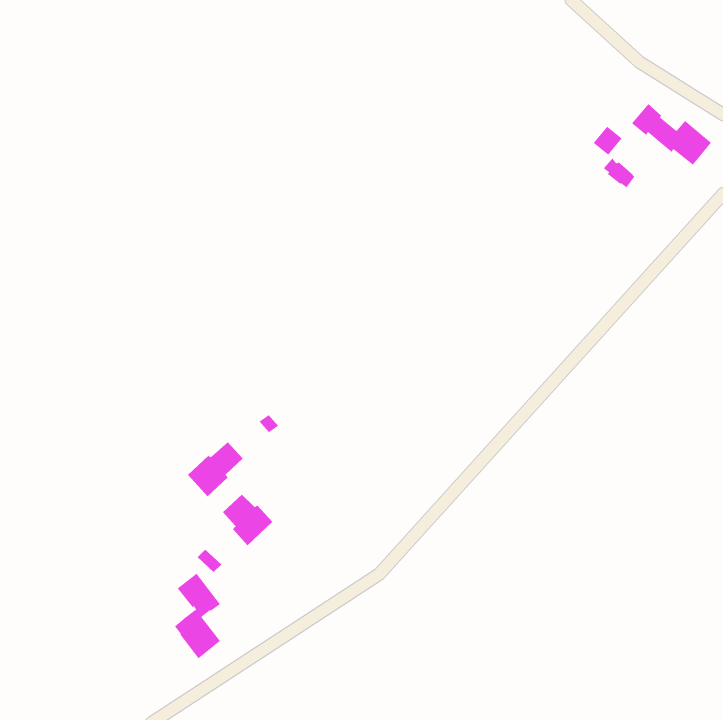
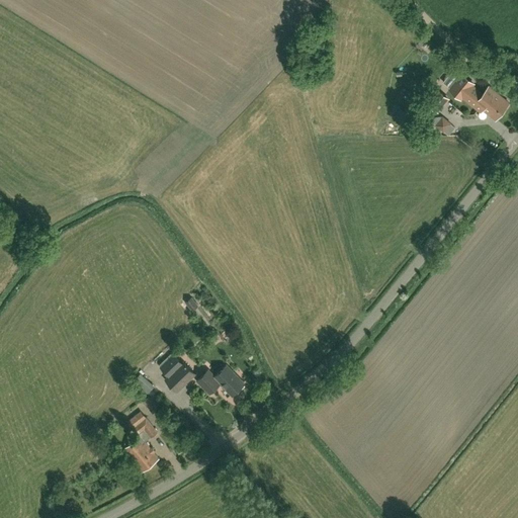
building: [187,442,244,497] -> none
building: none -> [197,366,245,398]

